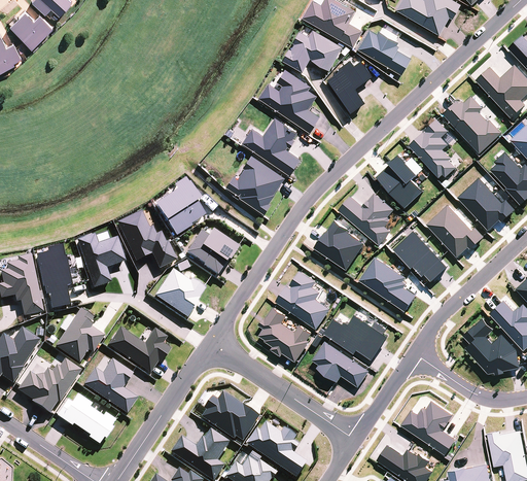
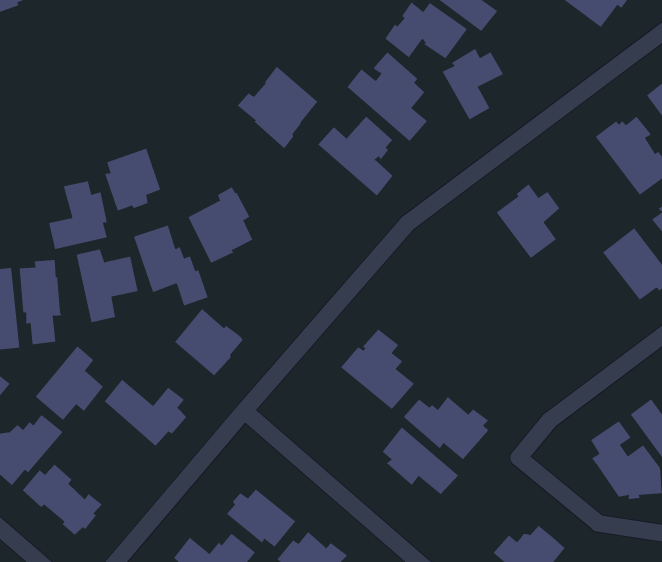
building: [357,28,411,73] -> none
building: [408,117,455,176] -> none
building: [225,153,284,213] -> [237,66,318,149]
building: none -> [104,148,161,212]
building: none -> [49,181,108,250]
building: [338,192,394,244] -> none
building: [426,203,485,256] -> none
building: [315,219,364,269] -> none
building: [184,229,237,275] -> none
building: [393,229,447,280] -> none
building: [358,255,417,311] -> none
building: [259,306,313,360] -> none
building: [82,358,136,414] -> none

